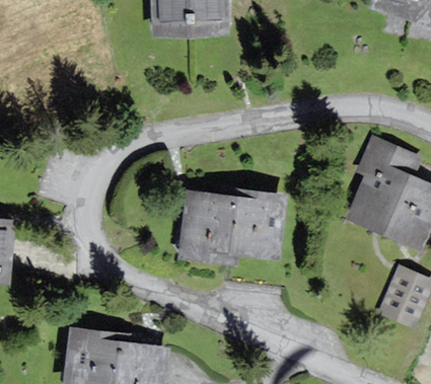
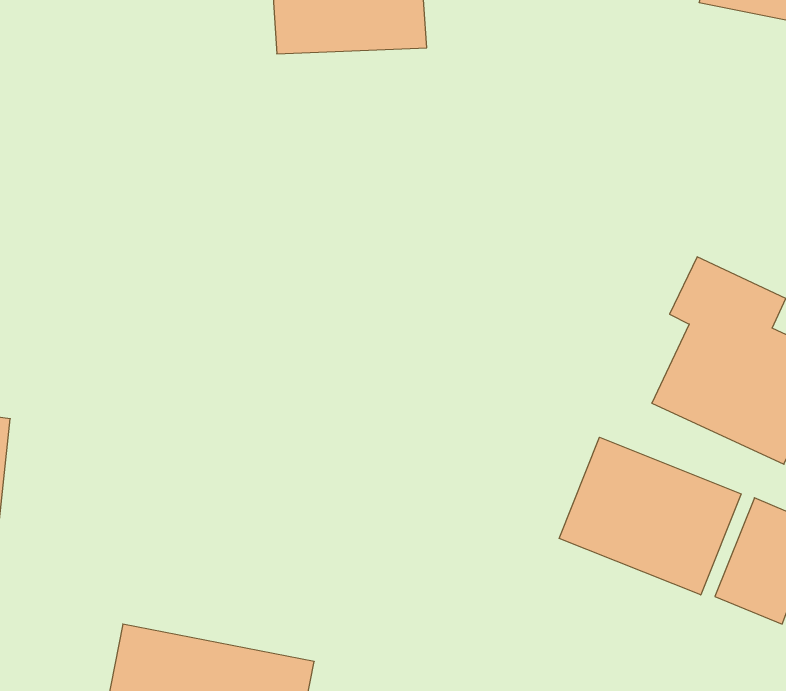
building: [182,194,281,259] -> none
building: none -> [559,437,741,595]

